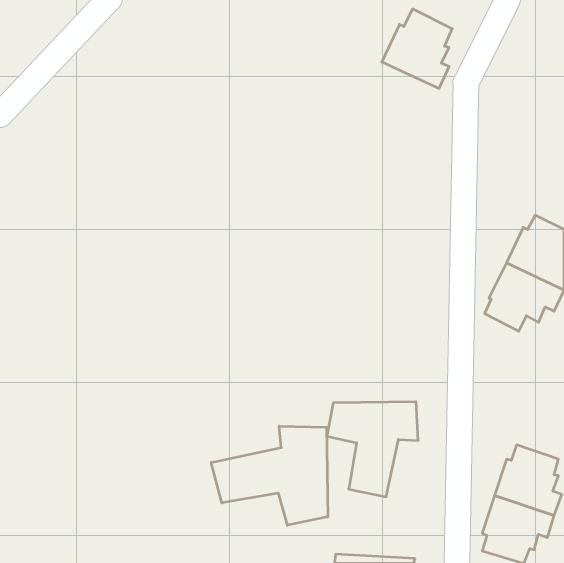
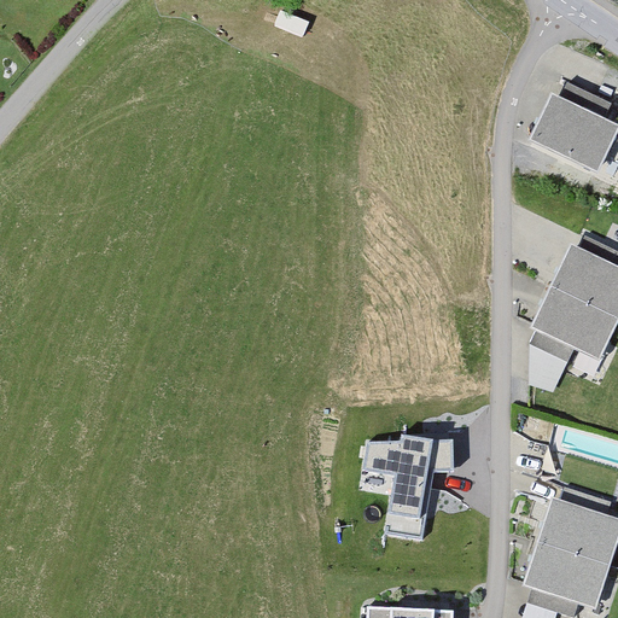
building: [382,9,452,88] -> [534,82,611,169]
building: none -> [529,343,567,390]
building: [211,426,328,525] -> none

